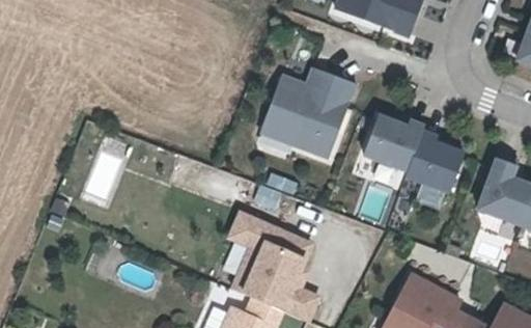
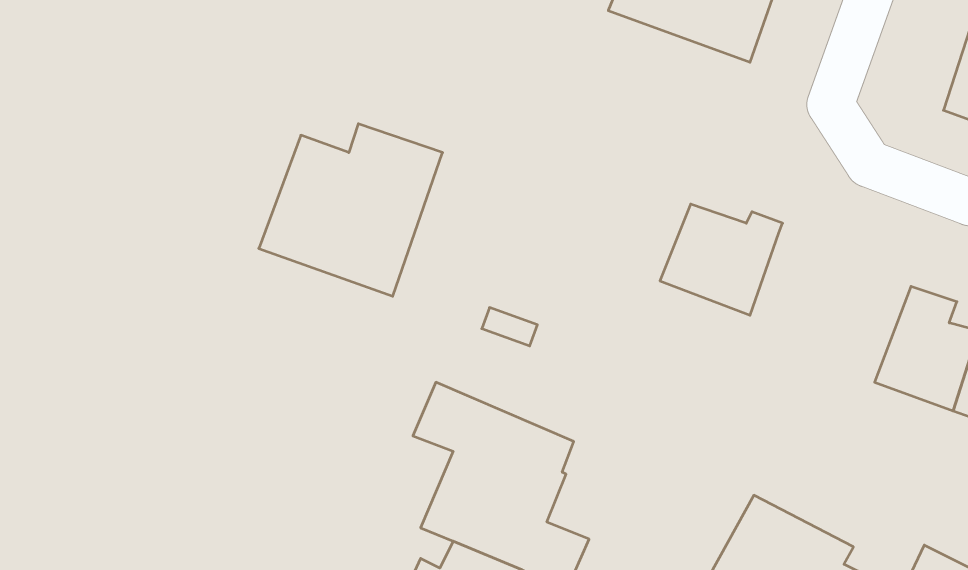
building: [258,66,358,160] -> [259,124,443,296]
building: [409,130,468,195] -> none

